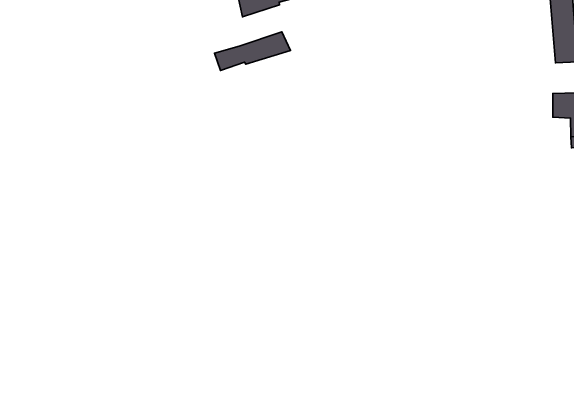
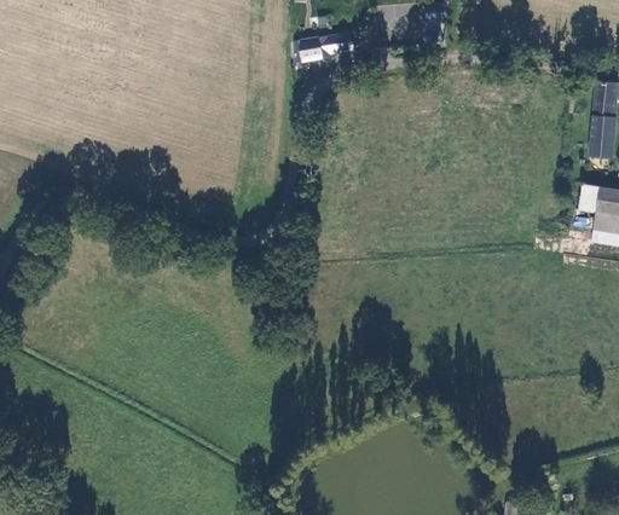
building: [214,32,290,71] -> none

